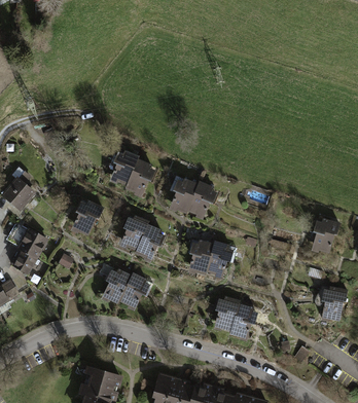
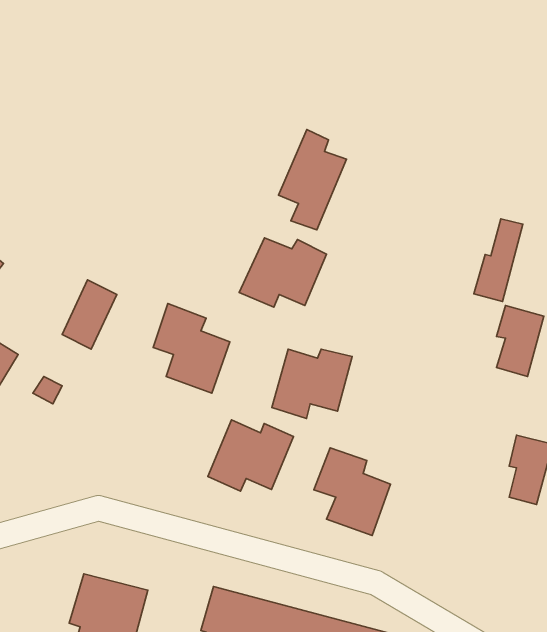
building: none -> [279,129,346,230]
building: [113,143,156,192] -> none
building: none -> [474,219,523,302]
building: [102,270,150,310] -> [208,420,293,491]

